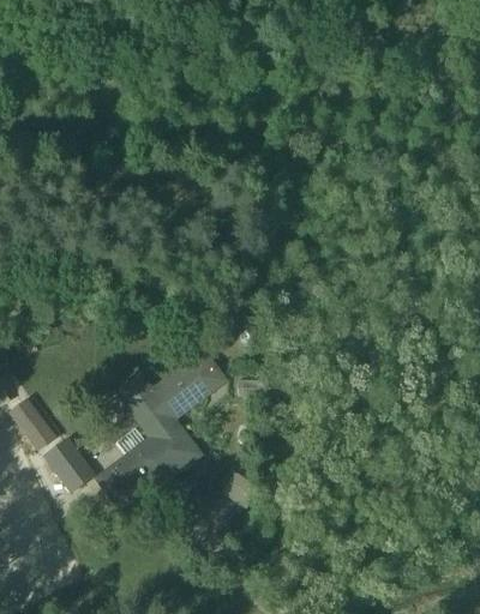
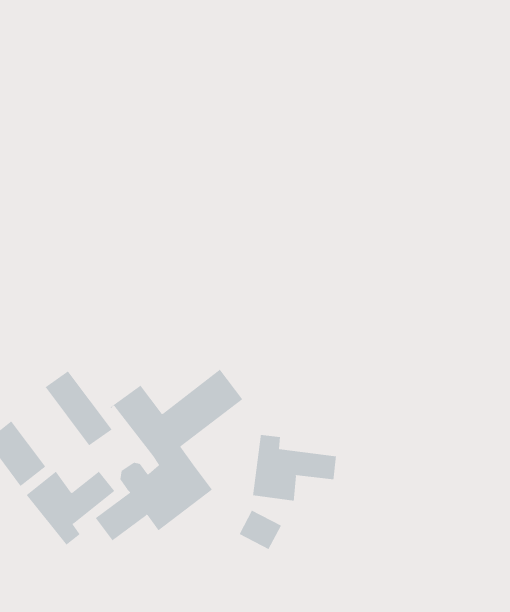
building: none -> [45,371,112,446]
building: none -> [253,434,337,501]

